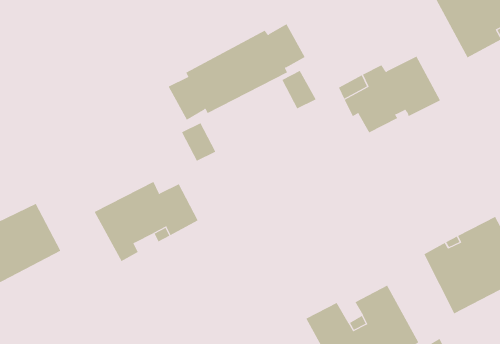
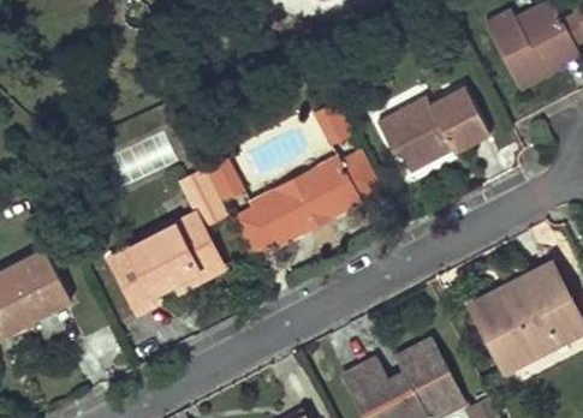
building: [168,23,305,120] -> [230,148,381,255]
building: none -> [174,169,227,237]

